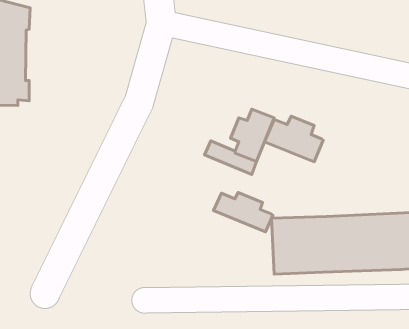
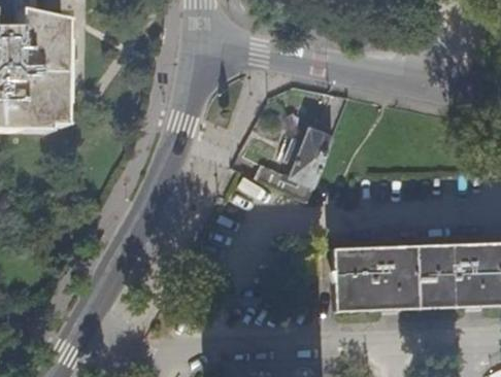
building: [265,116,323,162] -> none
building: [214,193,273,232] -> none

